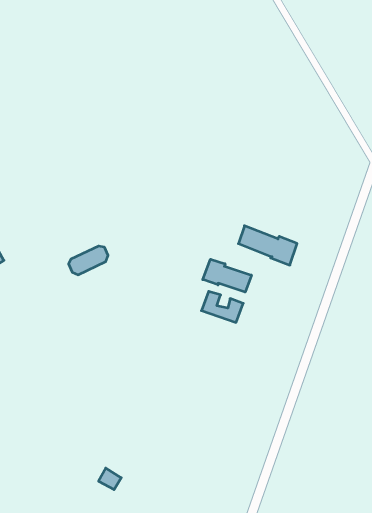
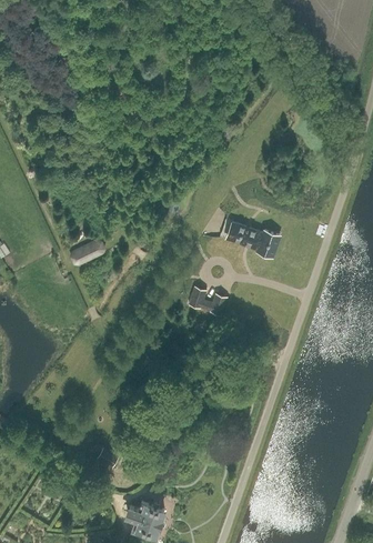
building: [203,259,251,292] -> none

